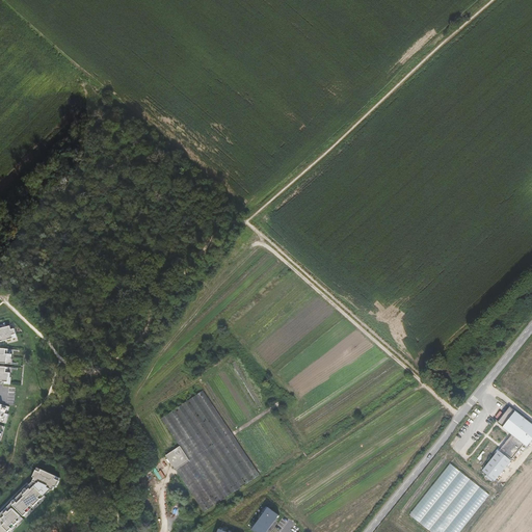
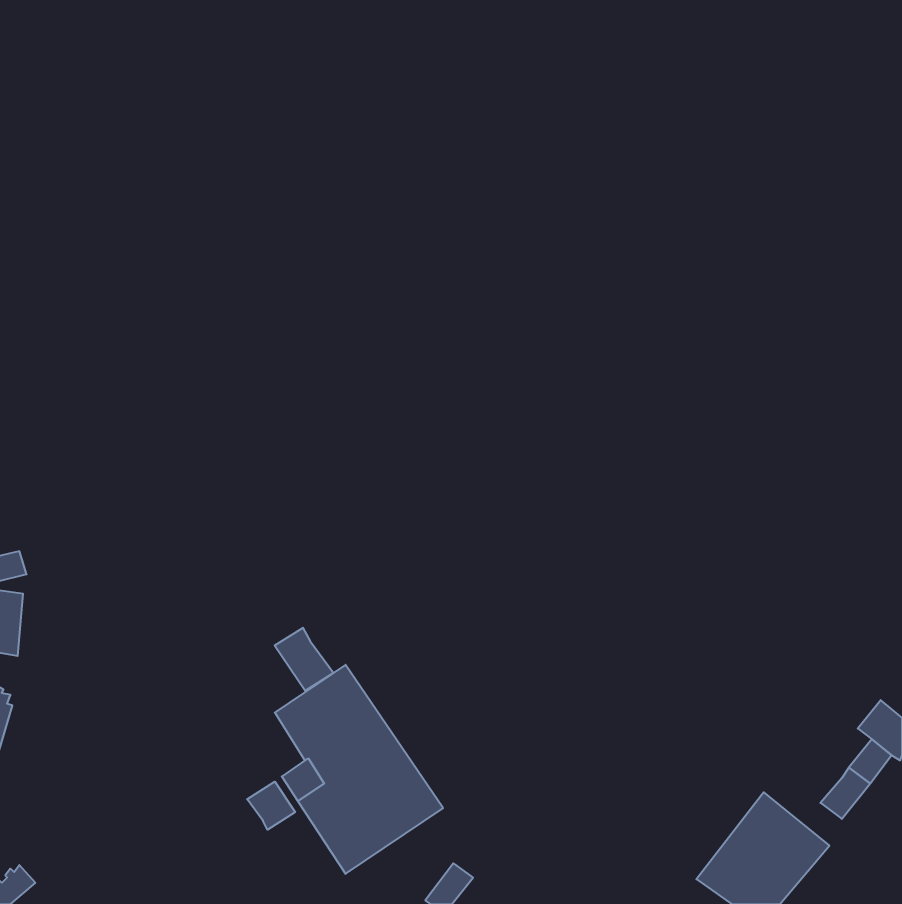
building: none -> [275,628,333,691]
building: none -> [247,782,295,830]
building: [11,467,59,515] -> none

